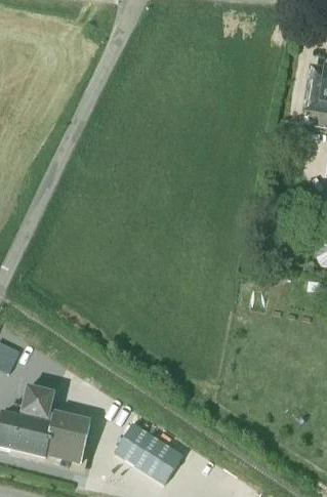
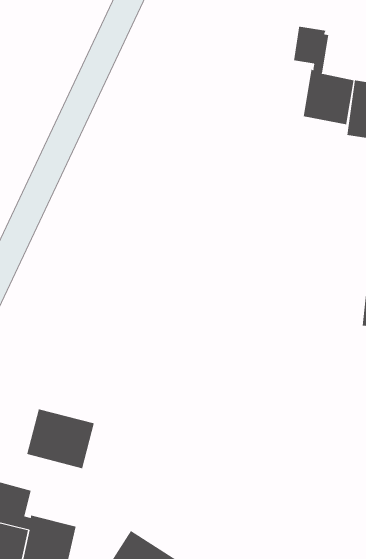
building: none -> [294,26,354,125]
building: none -> [26,408,94,469]

